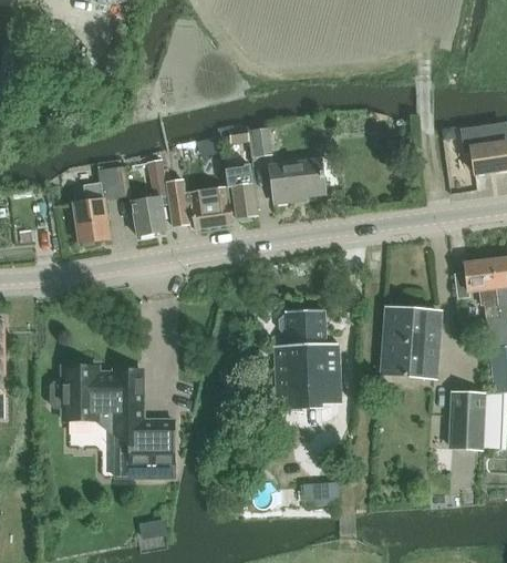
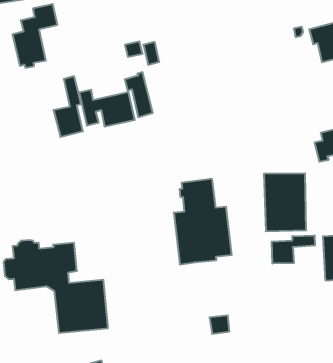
building: [267,158,322,199] -> none
building: [70,168,127,245] -> [12,4,57,68]
building: none -> [272,235,315,264]

